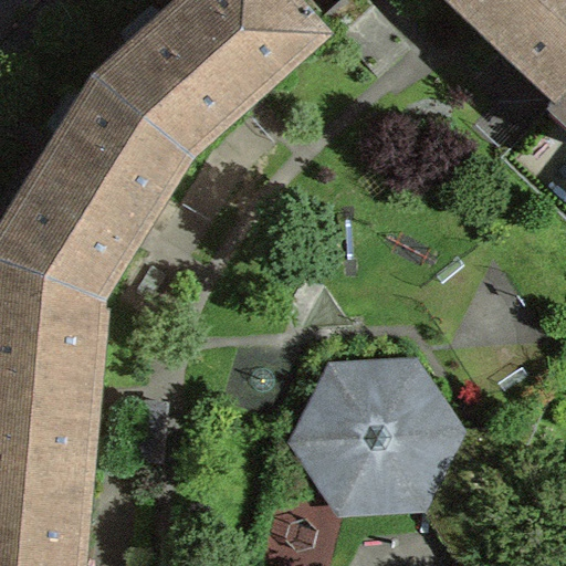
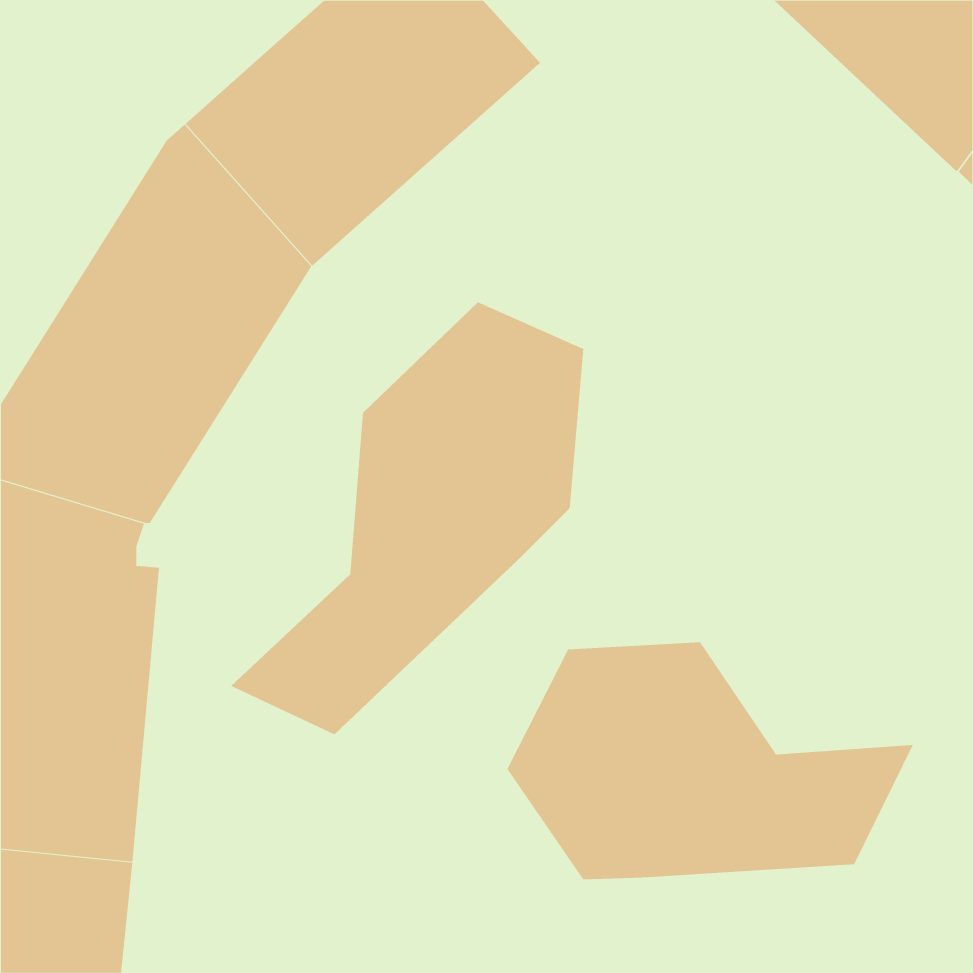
building: none -> [230,302,584,735]

